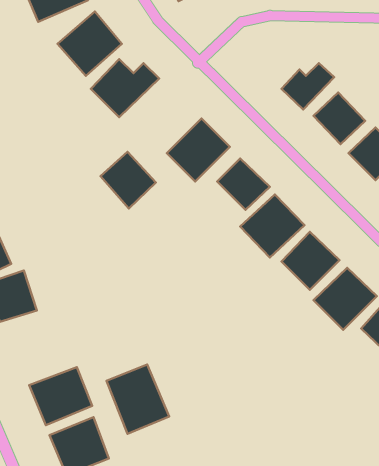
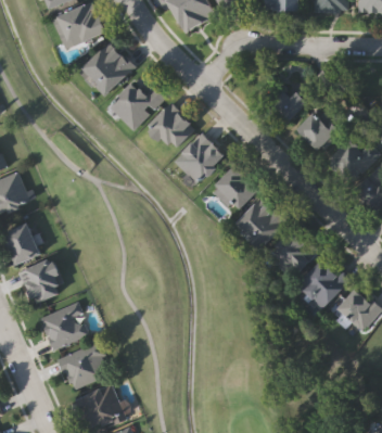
building: [100,152,156,208] -> [150,103,196,151]
building: none -> [39,302,90,349]
building: [107,364,169,434] -> none

